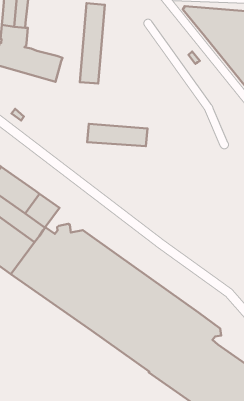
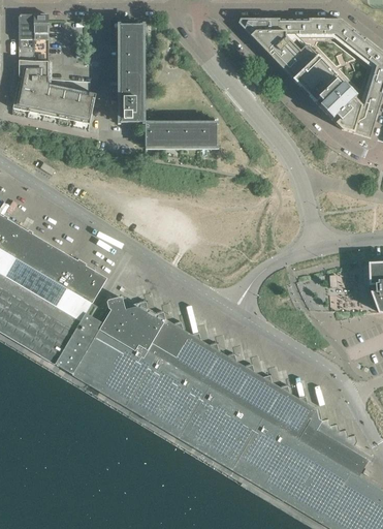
building: [87,124,147,146] -> [145,124,217,147]

